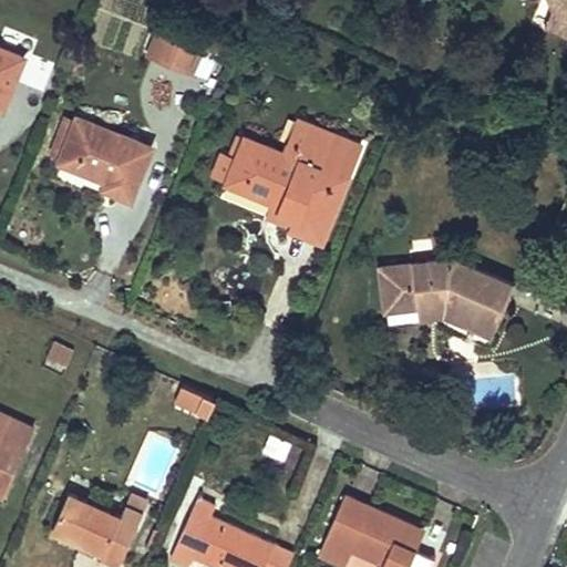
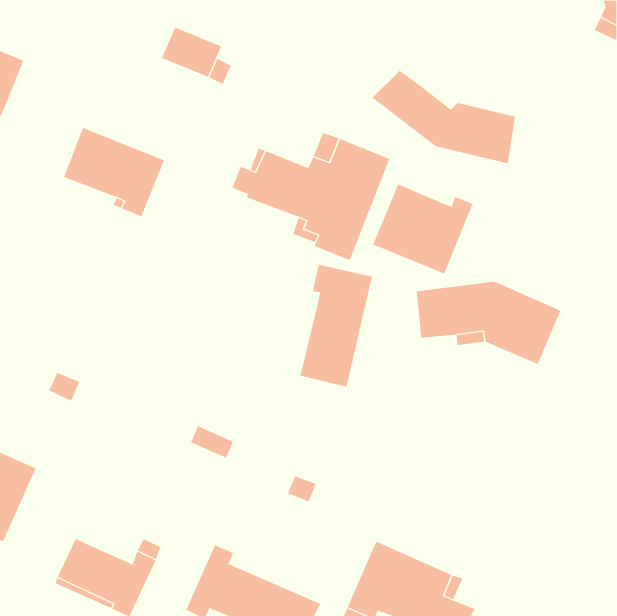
building: none -> [372,70,516,164]
building: none -> [373,183,473,274]
building: none -> [300,264,373,388]

